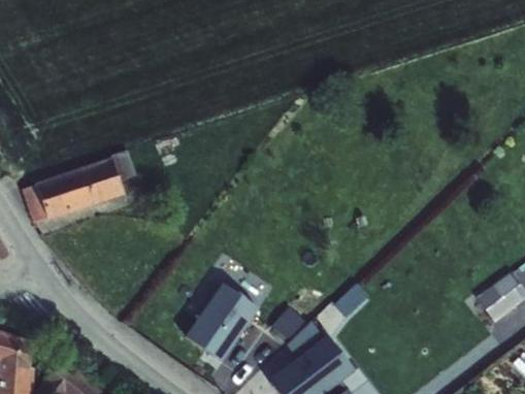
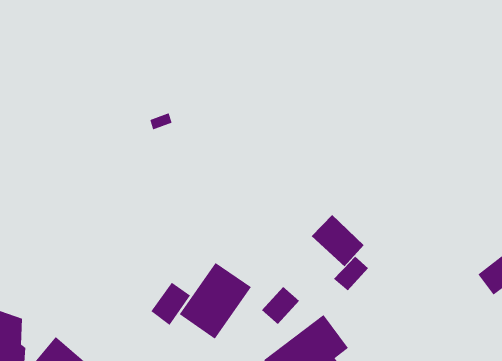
building: [21,150,134,223] -> none
building: none -> [311,214,365,267]
building: none -> [151,282,191,326]

